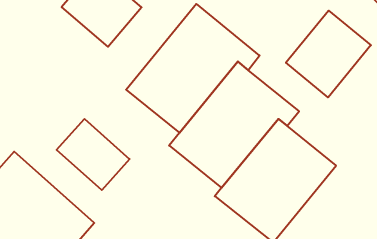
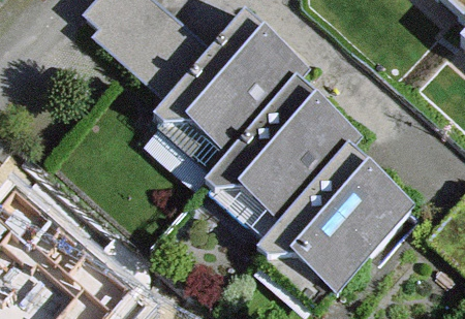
building: [286,11,371,97] -> none
building: [57,119,130,190] -> none

